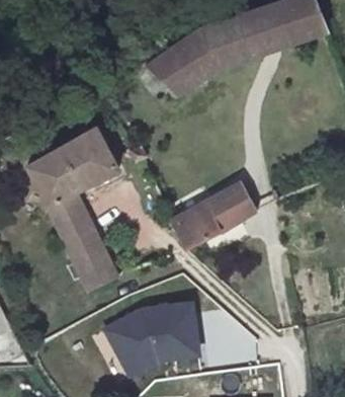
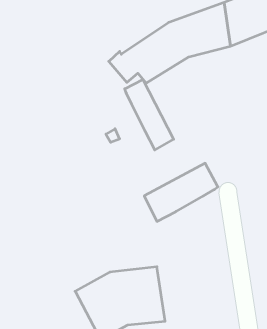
building: none -> [125,79,174,150]
building: [27,126,119,288] -> none

